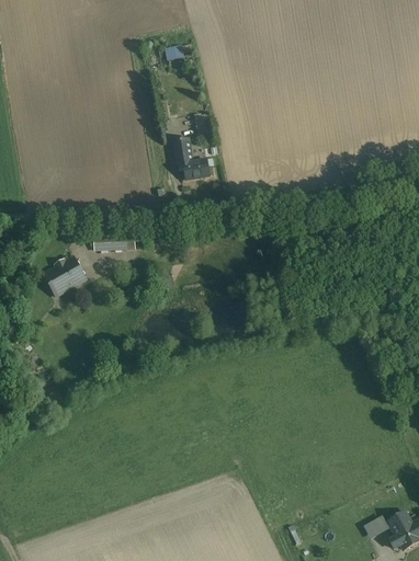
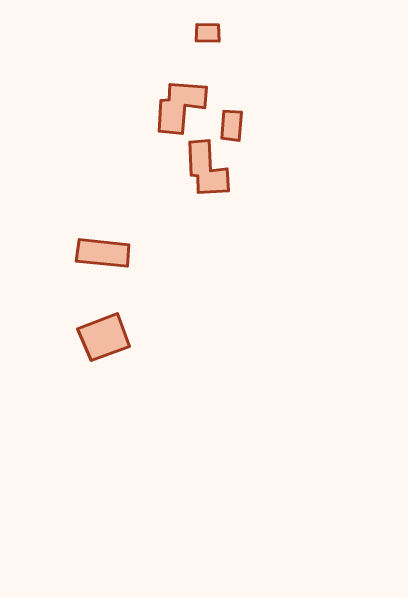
building: none -> [159,84,206,134]
building: [43,256,87,297] -> [77,314,130,360]

